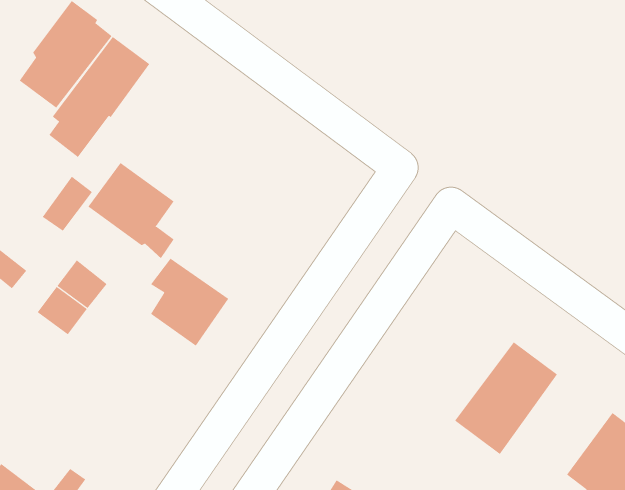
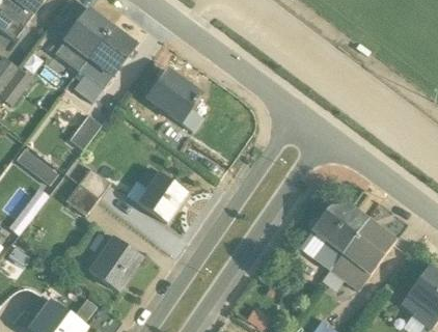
building: [87,162,174,259] -> [146,70,201,131]
building: none -> [312,205,366,269]
building: none -> [82,232,143,293]

